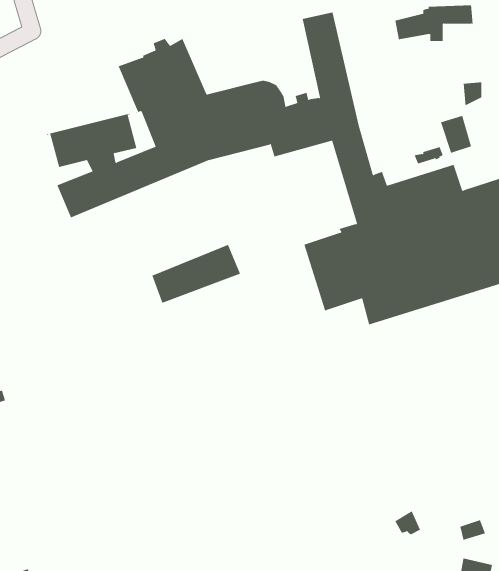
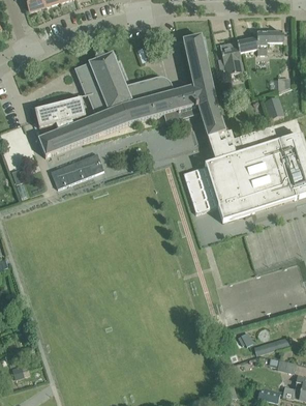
building: none -> [220,40,243,75]
building: [151,244,241,304] -> [51,152,103,187]

